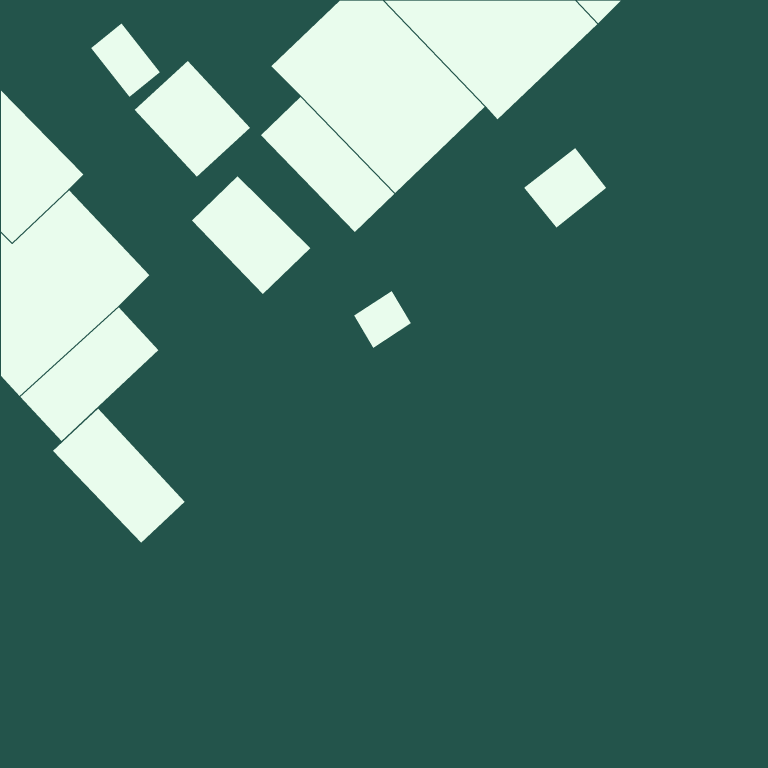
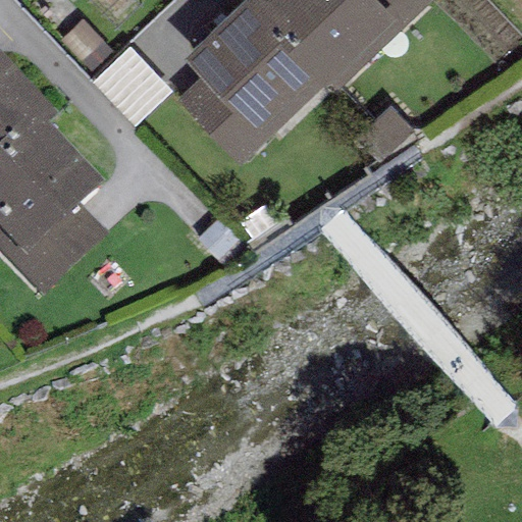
building: [191,175,311,295] -> none
building: [52,408,186,543] -> none

